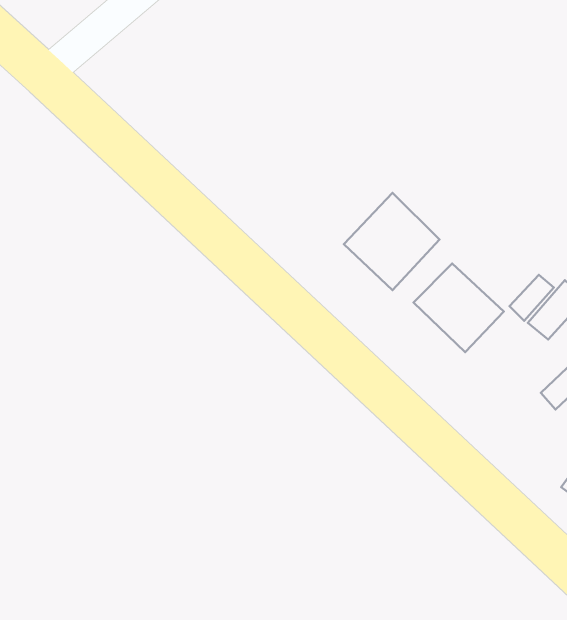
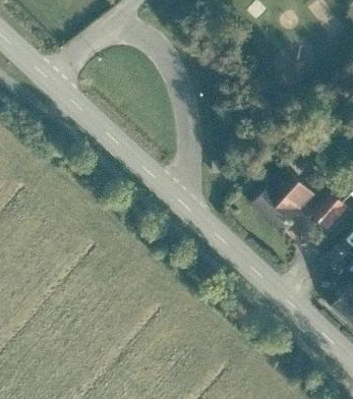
building: [344,193,439,290] -> none

